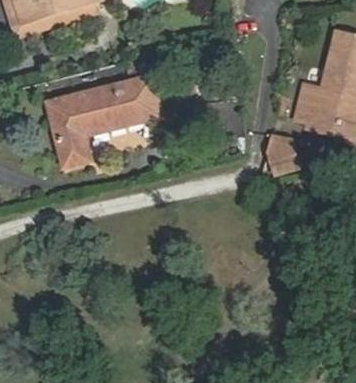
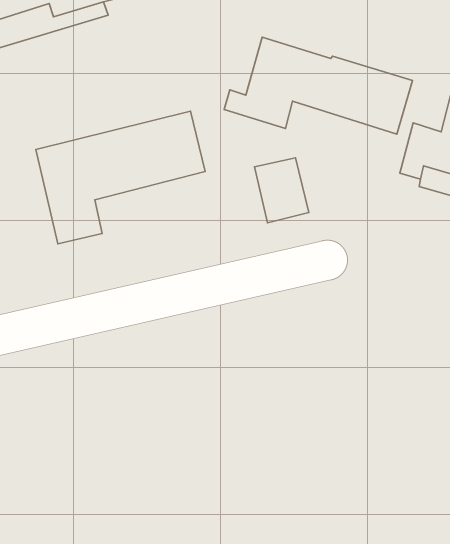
building: none -> [224,37,412,134]
building: [261,133,298,177] -> [254,158,309,223]

